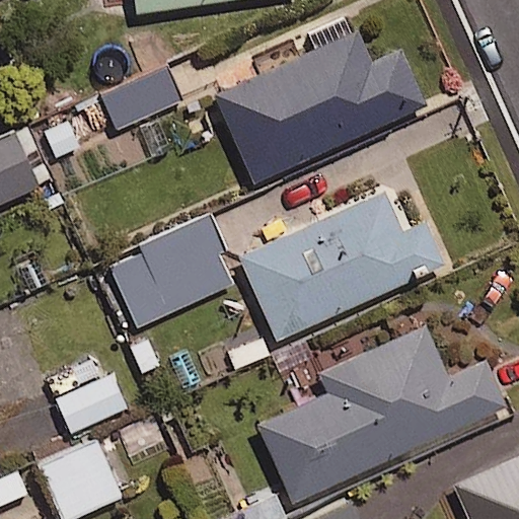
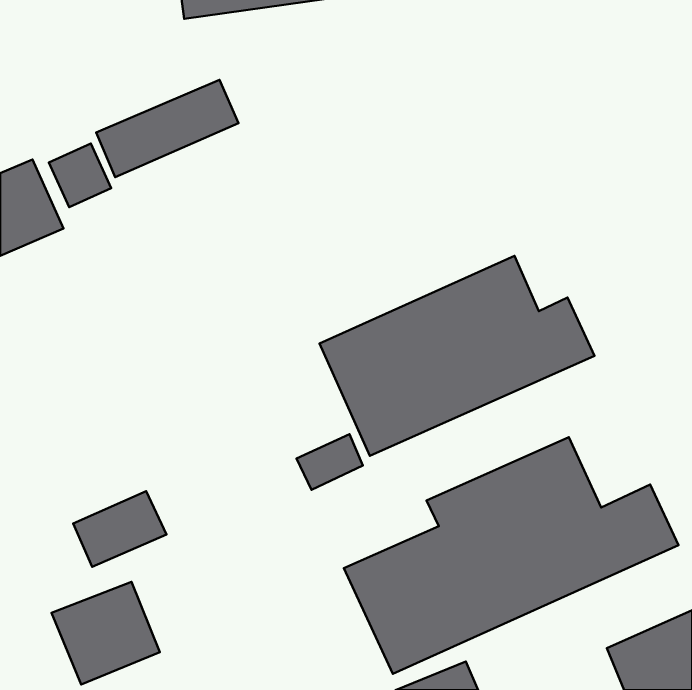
building: [214,30,429,184] -> none
building: [101,206,229,321] -> none

